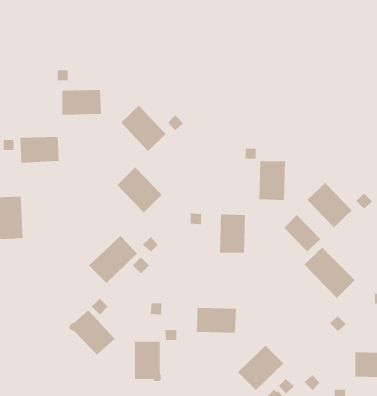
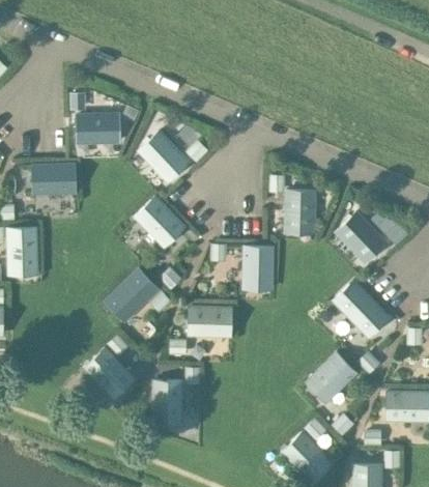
building: [283,214,321,252] -> none
building: [196,307,237,334] -> [189,308,232,336]
building: [237,345,284,391] -> [307,353,356,402]

